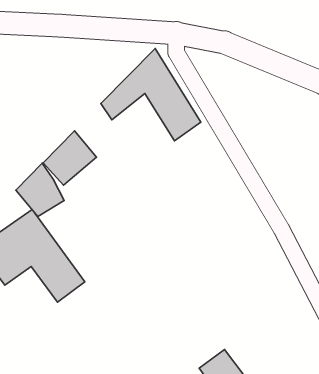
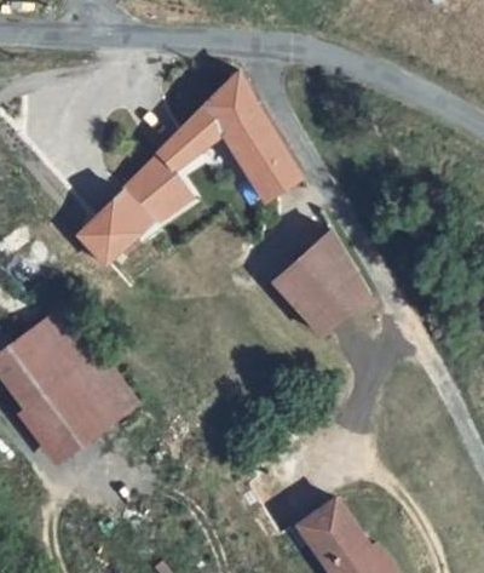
building: [16,163,64,217] -> [121,150,190,227]
building: none -> [273,240,374,336]
building: none -> [22,383,97,460]

